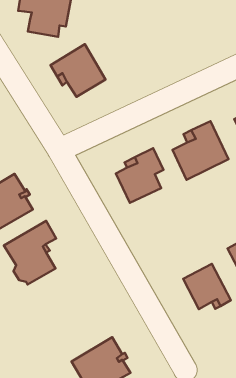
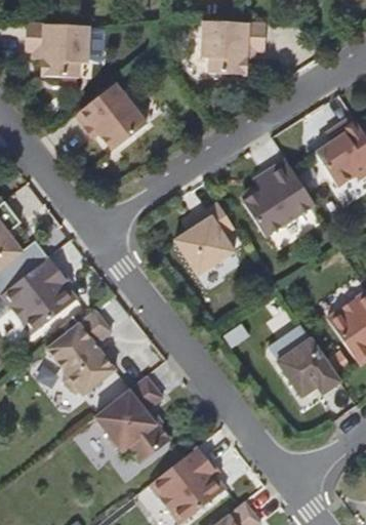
building: none -> [201,21,265,74]
building: none -> [94,376,169,463]

